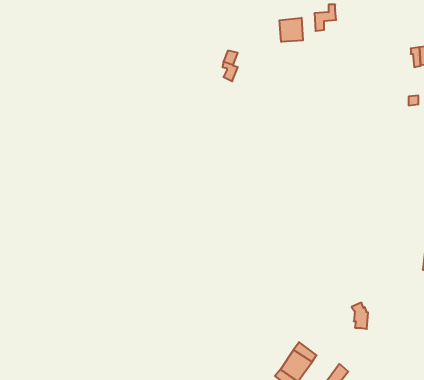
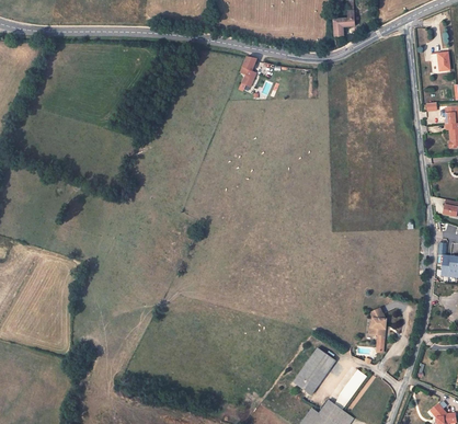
building: [279,18,303,42] -> none

